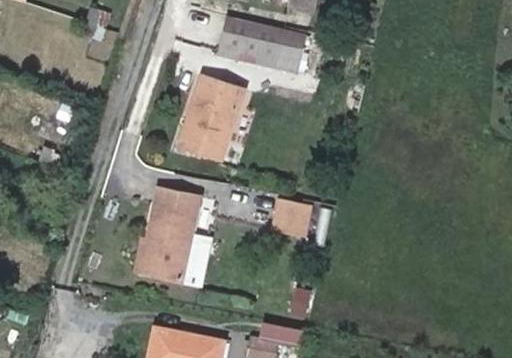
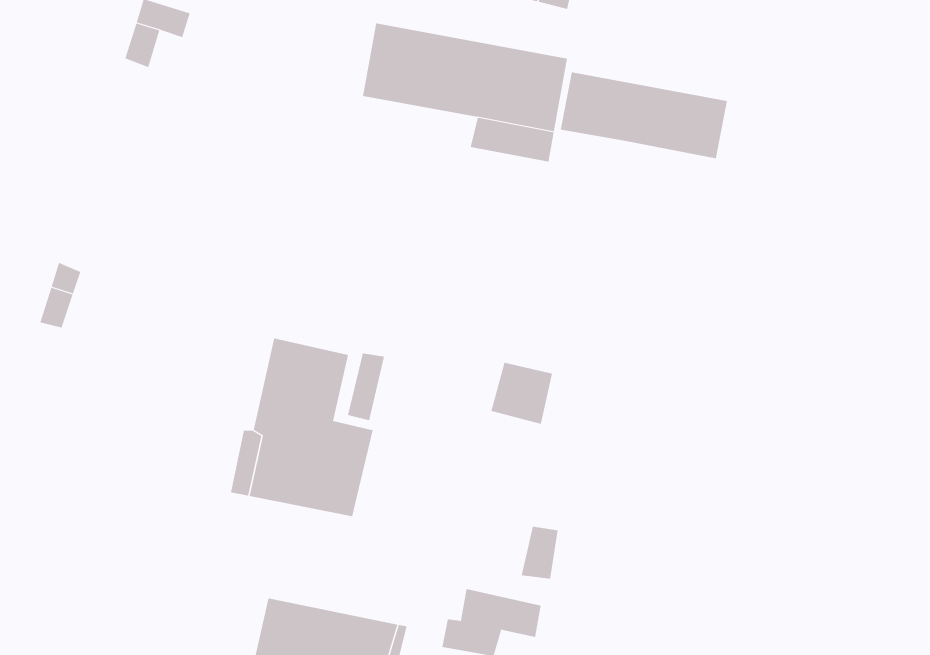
building: none -> [560,71,727,159]
building: [166,76,234,164] -> none

